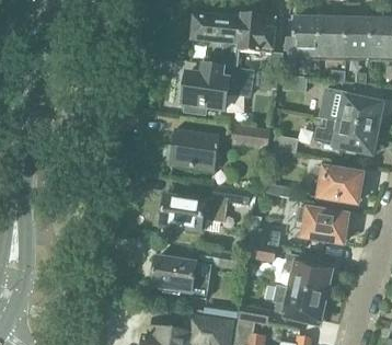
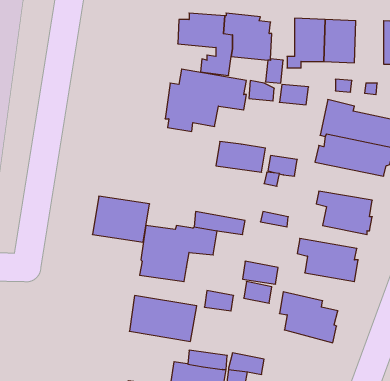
building: [346,19,371,56] -> none
building: [172,130,221,170] -> [92,196,150,242]
building: [275,285,327,321] -> none

